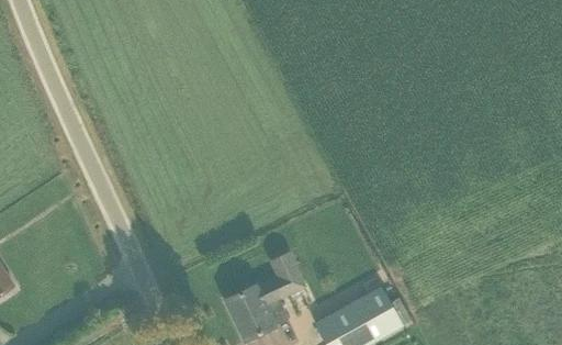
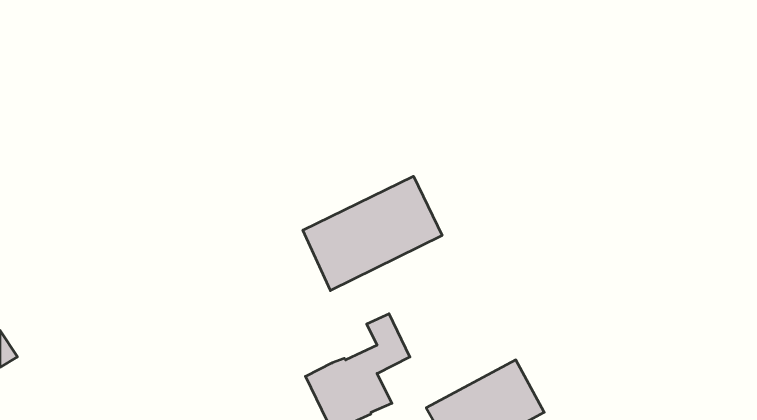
building: none -> [303,176,442,291]

